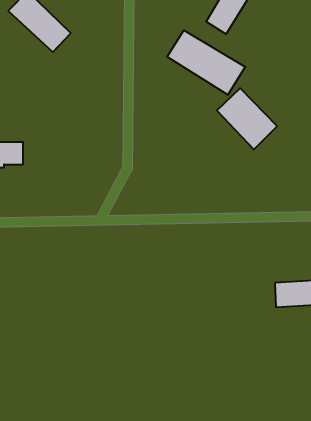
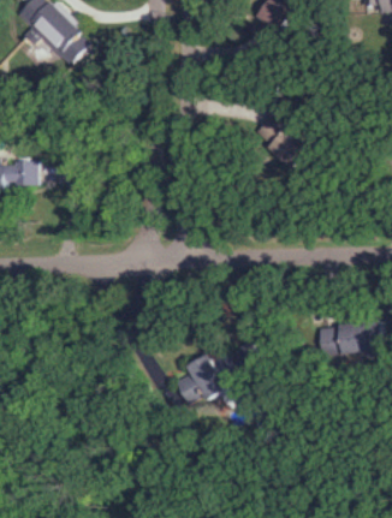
building: [167,30,245,95] -> none
building: none -> [177,357,226,400]

